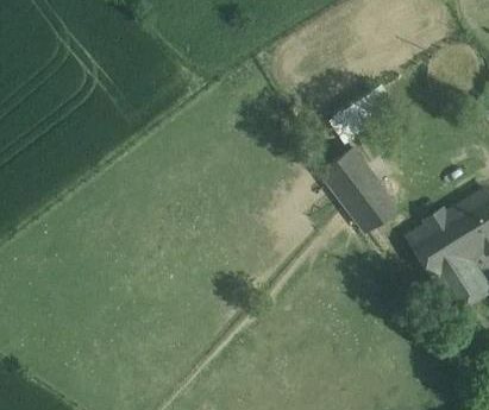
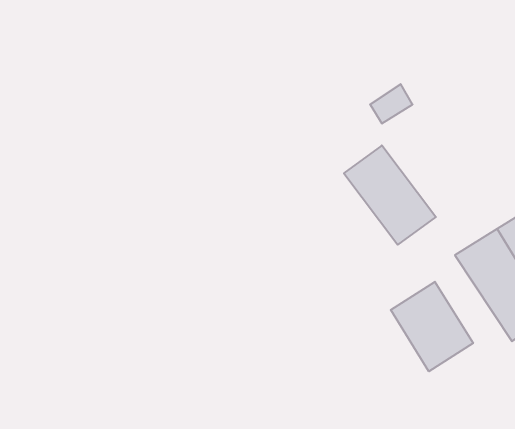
building: none -> [391,282,473,371]

